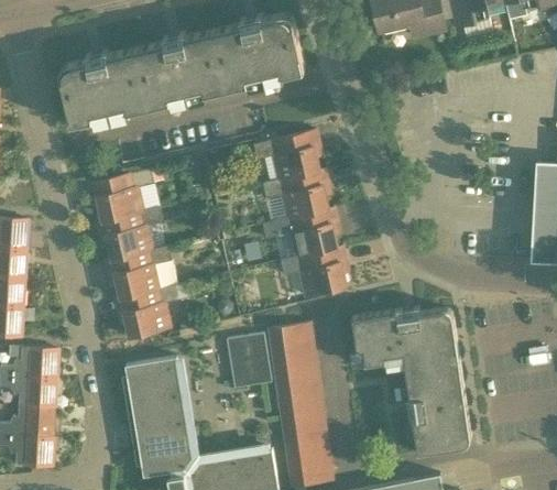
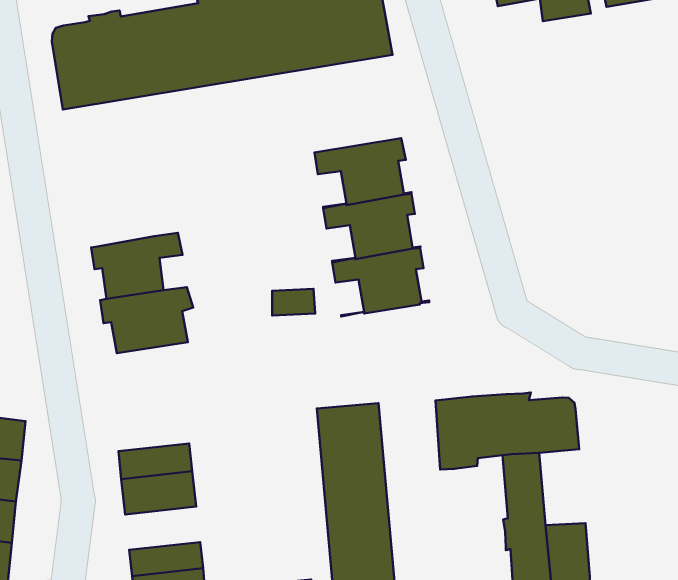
building: [88,168,154,221] -> none
building: [280,247,346,296] -> none
building: [114,283,187,338] -> none
building: [226,333,271,388] -> none
building: [428,346,465,402] -> none
building: [133,404,188,438] -> none

